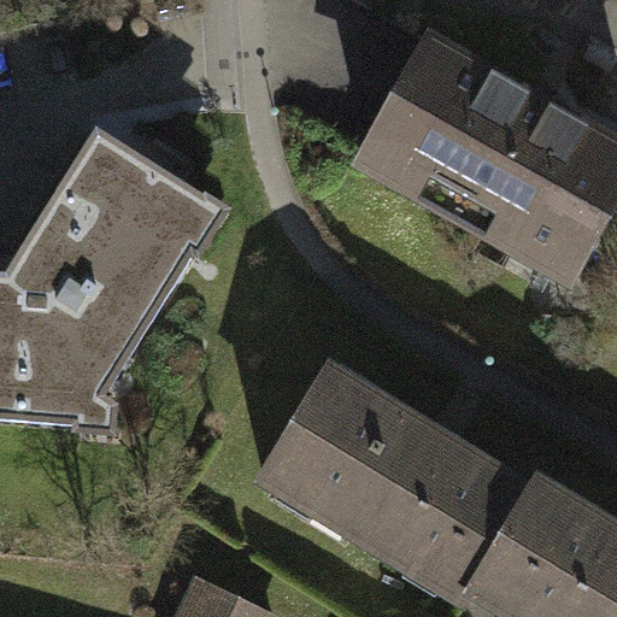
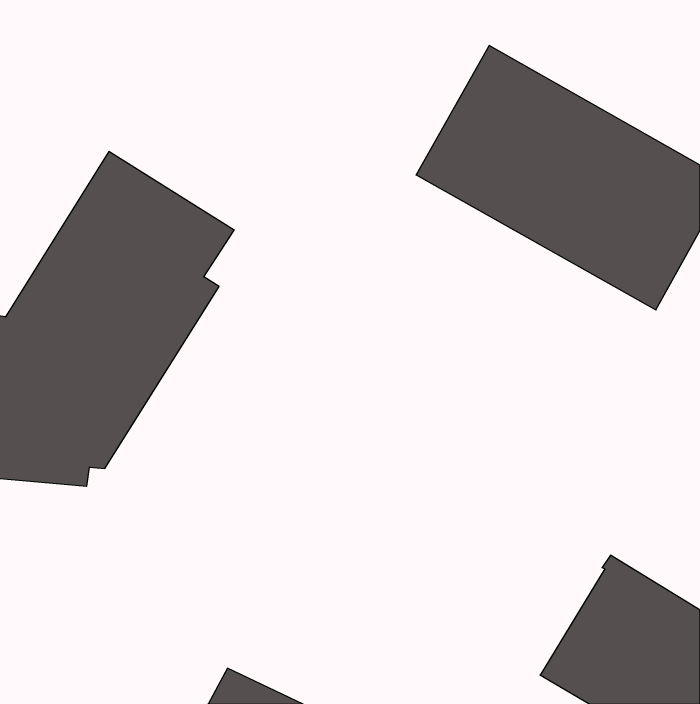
building: [262,374,529,603] -> none

